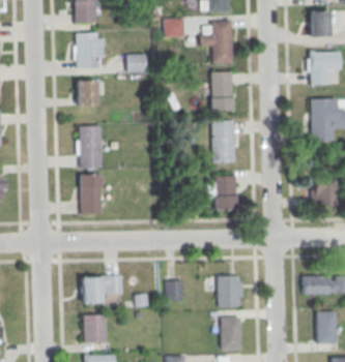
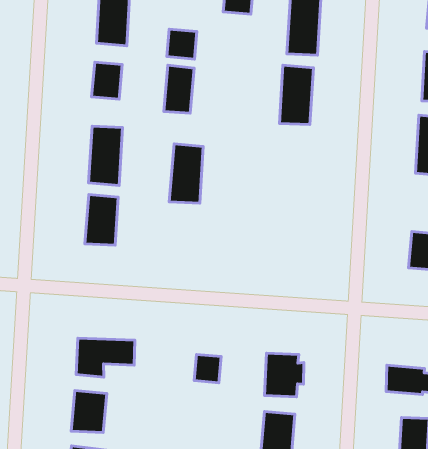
building: none -> [164,65,194,113]
building: [212,121,234,162] -> [169,144,203,203]
building: [208,176,236,210] -> none

